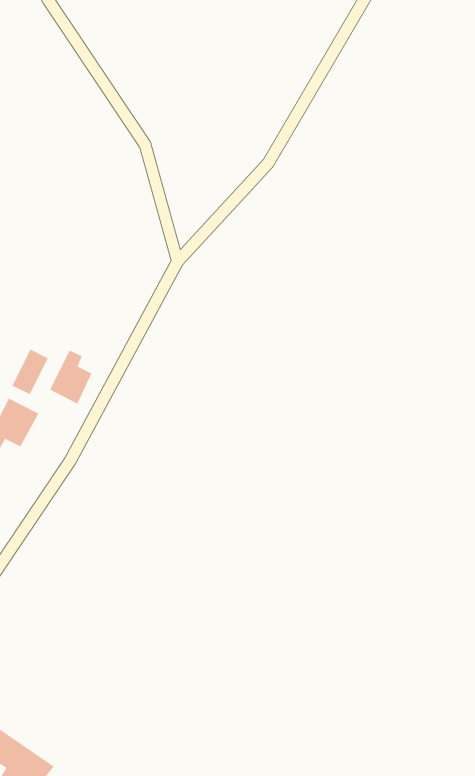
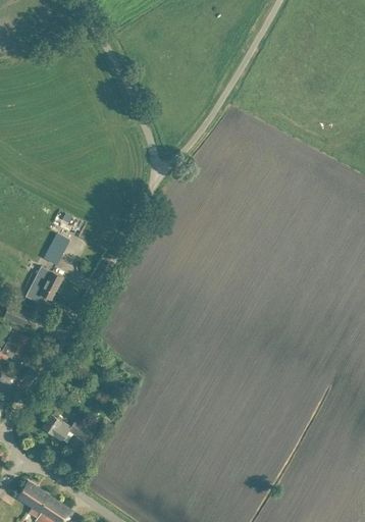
building: [49,350,92,404] -> none
building: none -> [42,413,91,441]

